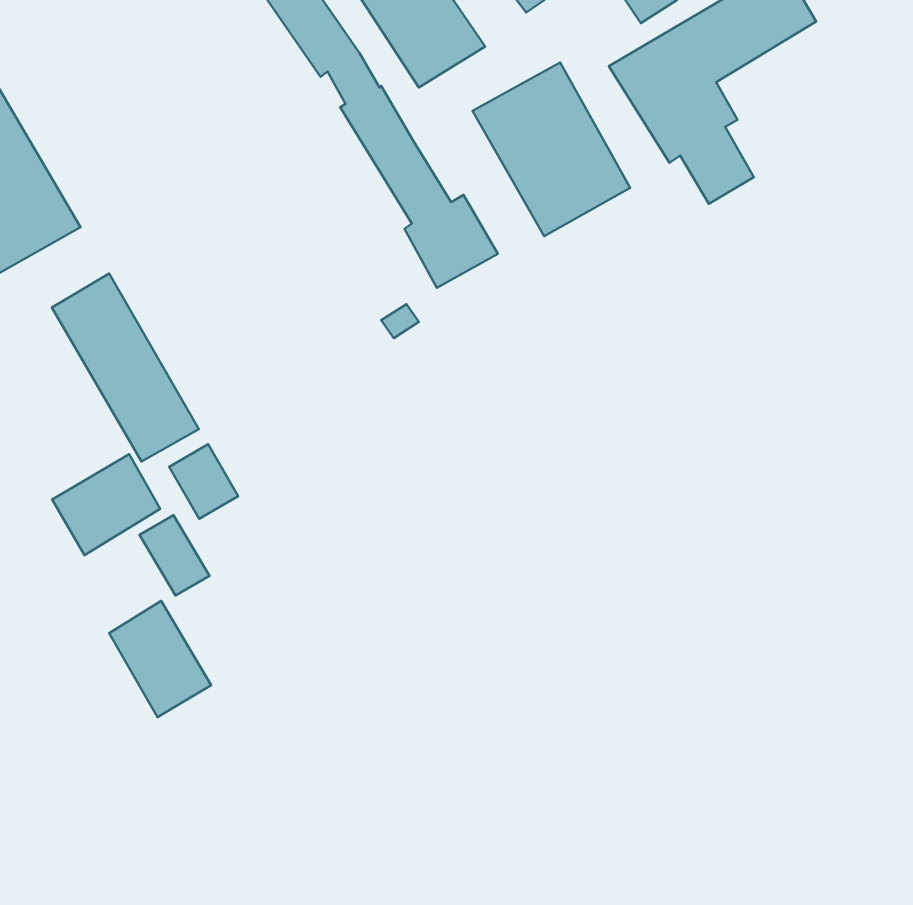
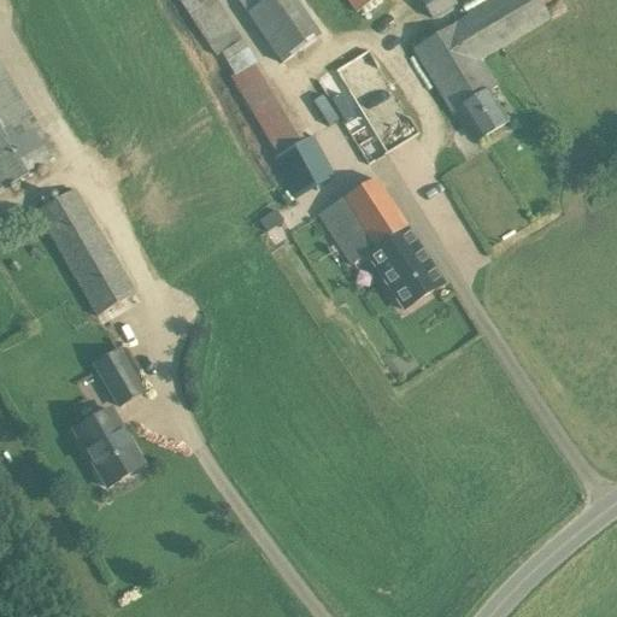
building: none -> [316,174,435,306]
building: [169,444,238,519] -> none
building: [52,454,160,555] -> none

